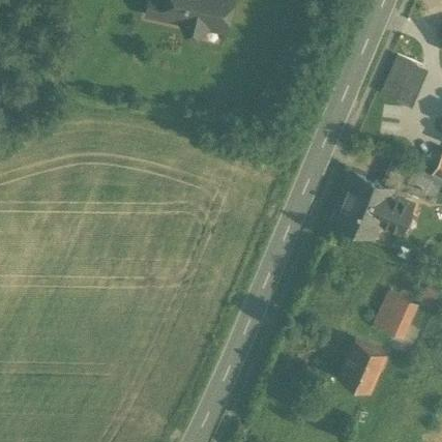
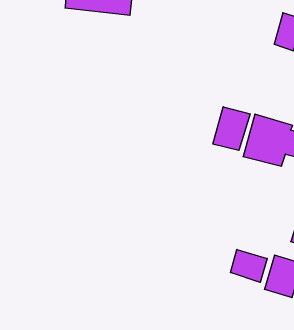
building: none -> [213,107,250,150]
building: none -> [231,249,267,282]

